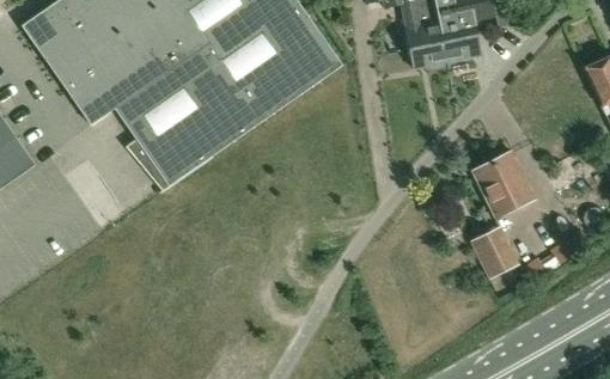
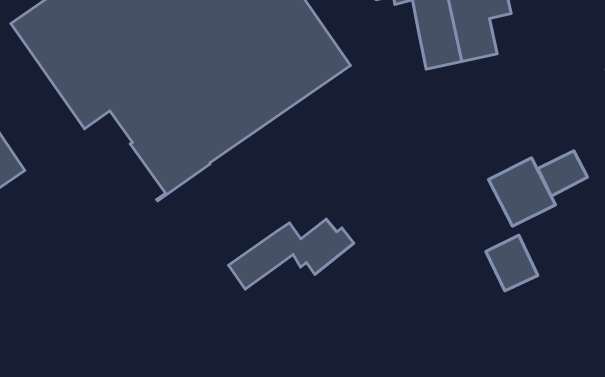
building: none -> [538,151,588,196]
building: none -> [228,219,354,289]

